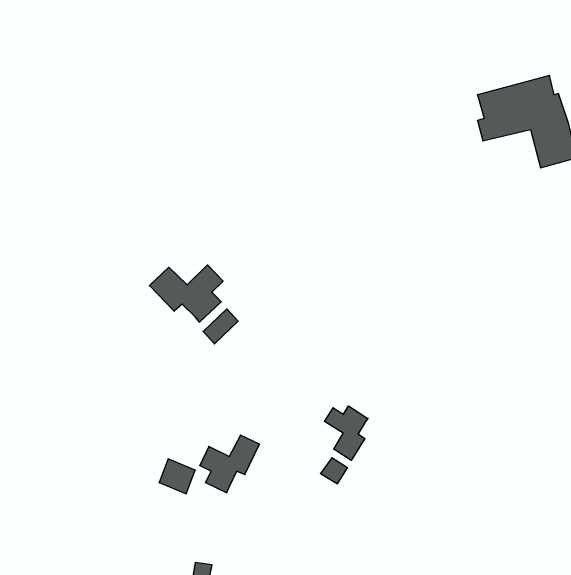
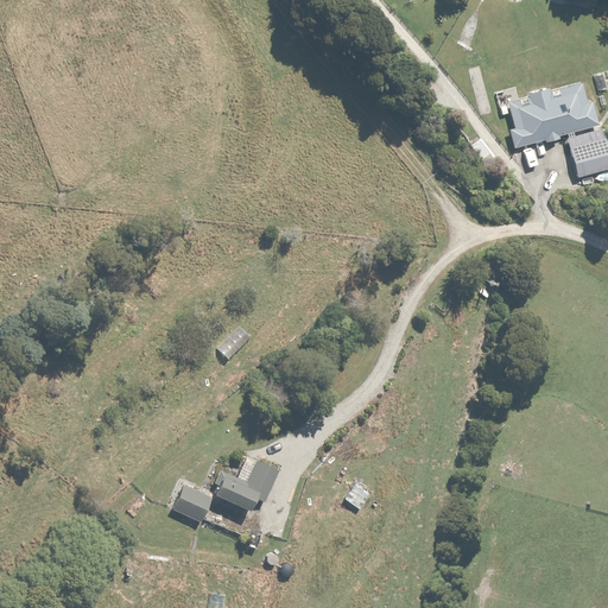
building: [149,265,223,322] -> none
building: [324,406,368,460] -> none

